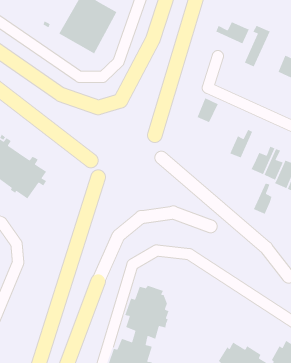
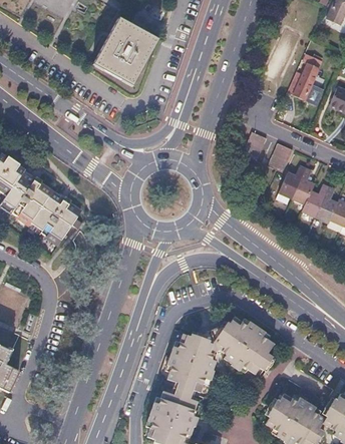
building: [215,21,250,44] -> none
building: none -> [269,143,293,171]
building: [253,182,272,215] -> [291,168,312,203]
building: none -> [215,317,272,374]

